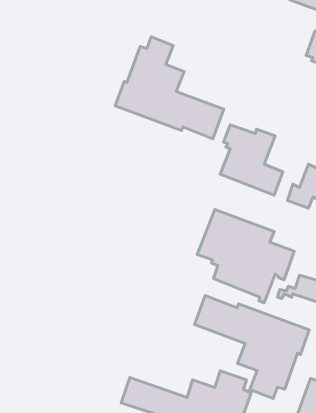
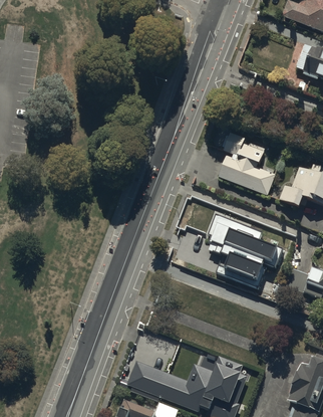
building: [115,37,224,139] -> none
building: [194,295,309,398] -> none

